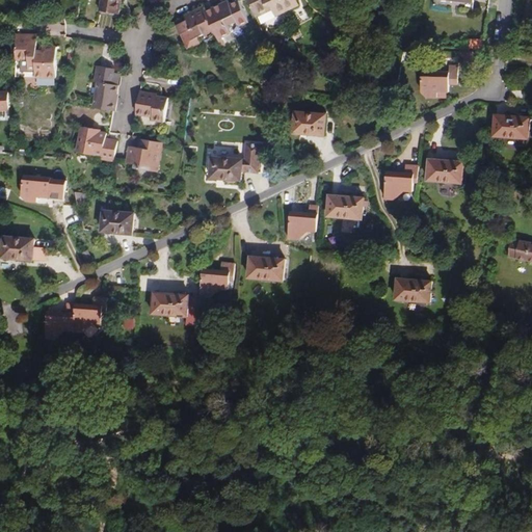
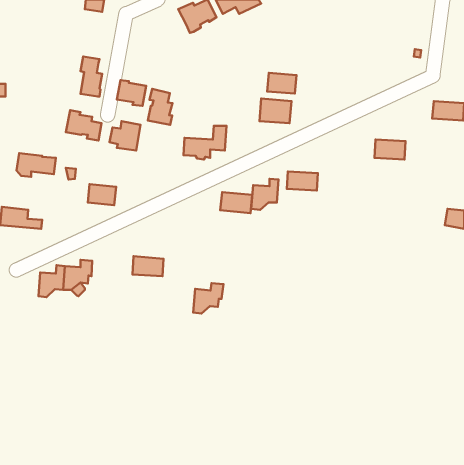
building: [175,6,212,48] -> none
building: [14,34,55,76] -> none
building: [419,64,456,97] -> none
building: none -> [267,73,297,94]
building: none -> [148,89,172,125]
building: [382,164,417,198] -> none
building: [246,256,283,280] -> [220,192,252,213]
building: [198,262,233,296] -> [193,283,223,313]
building: [394,278,429,301] -> none

